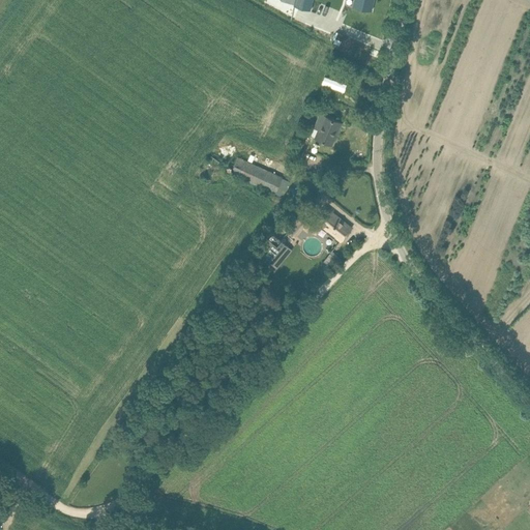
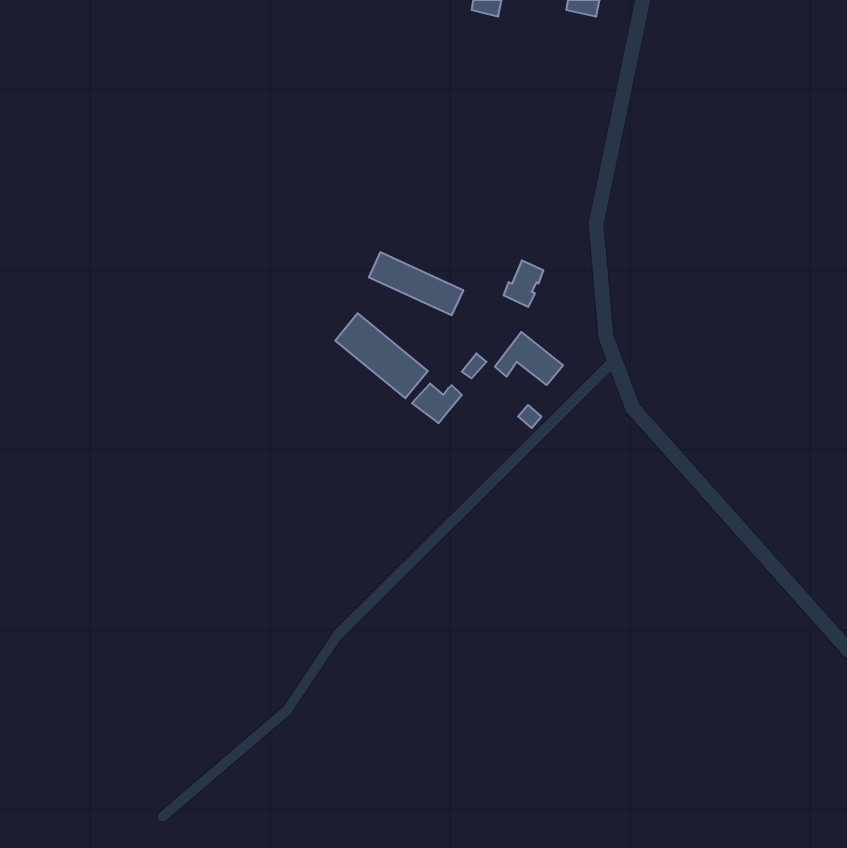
building: [317,116,342,145] -> [504,260,543,307]
building: none -> [335,313,428,398]

